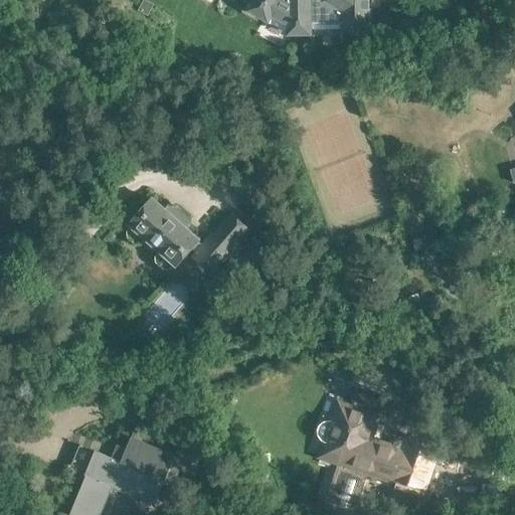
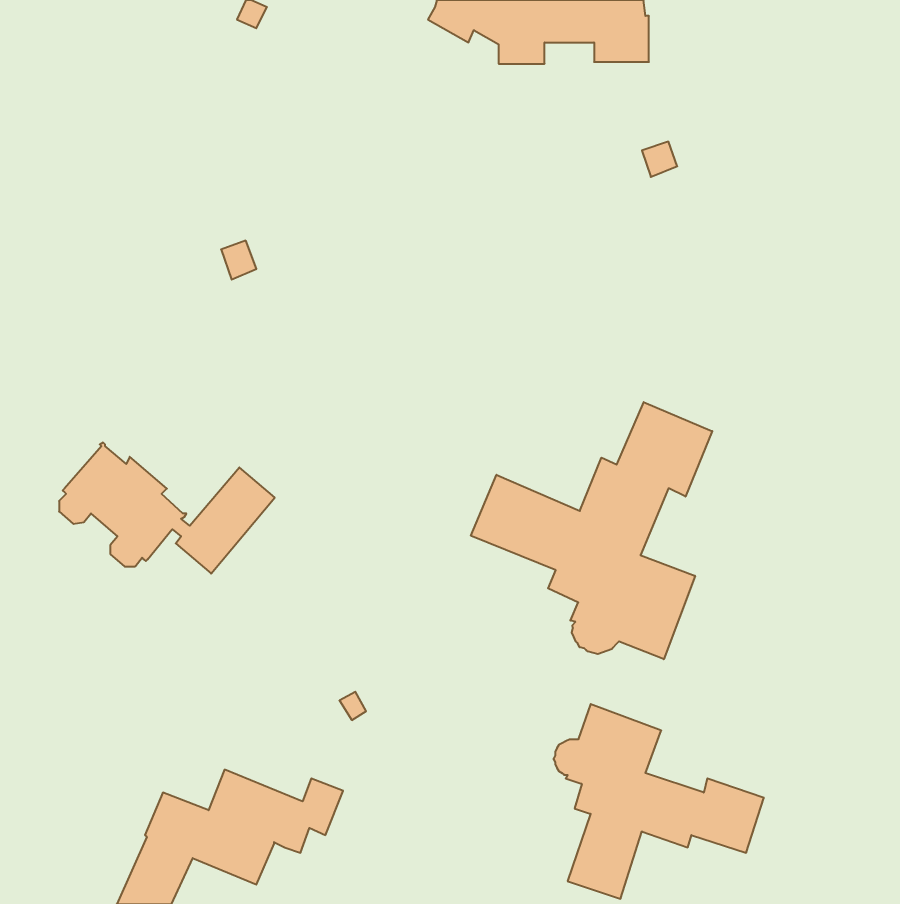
building: [126,198,248,273] -> [59,443,275,574]
building: none -> [471,402,712,659]

